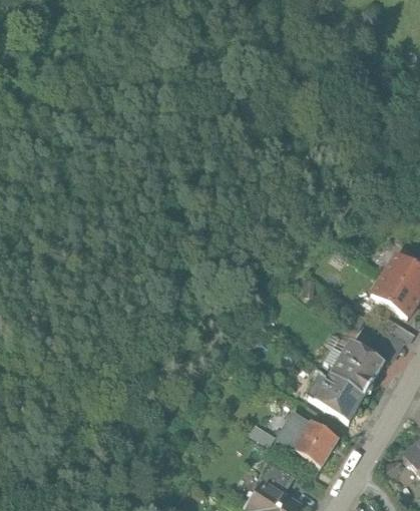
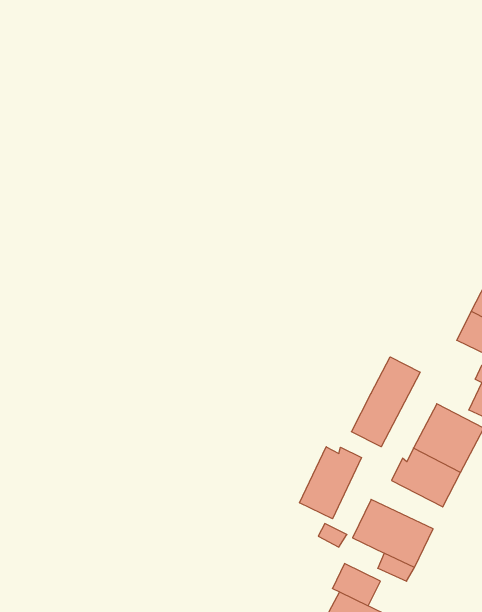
building: none -> [351,357,420,447]
building: none -> [300,447,361,519]

